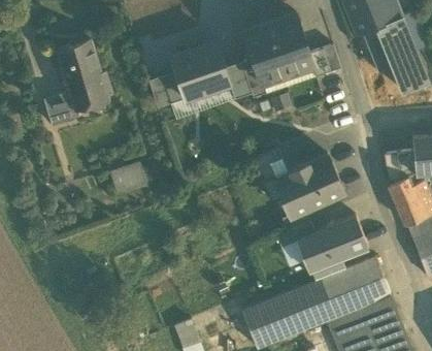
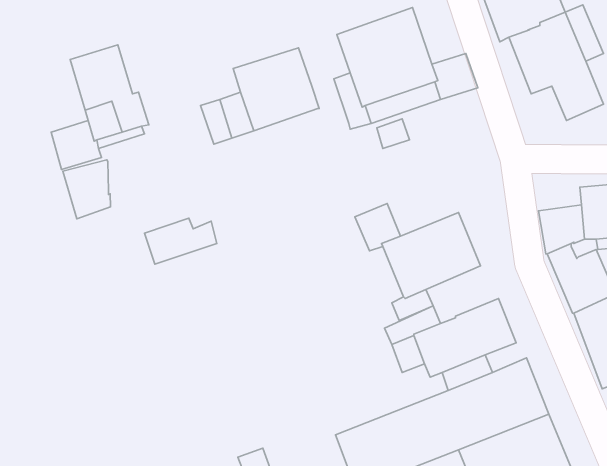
building: [226,62,252,99] -> none
building: none -> [63,160,111,219]

